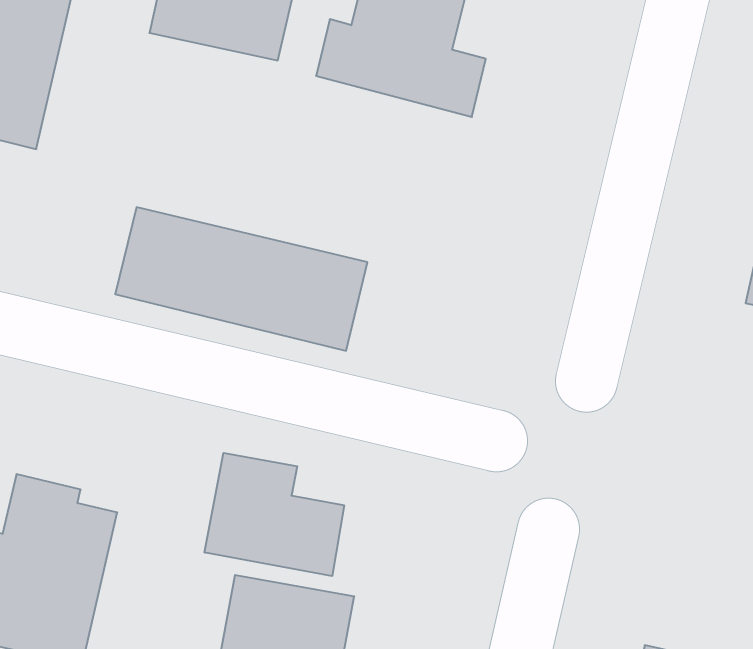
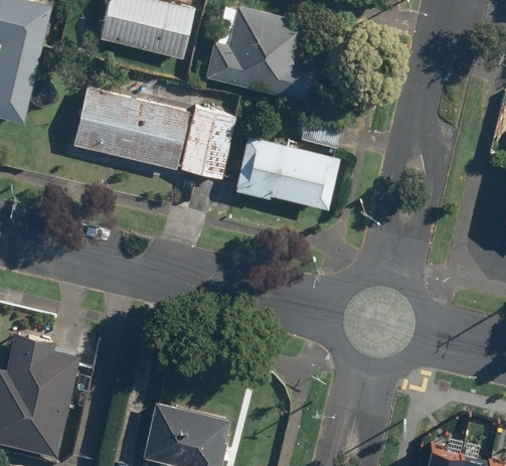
building: none -> [227,140,335,212]
building: [115,207,367,351] -> [72,84,238,178]
building: [205,453,344,576] -> none

